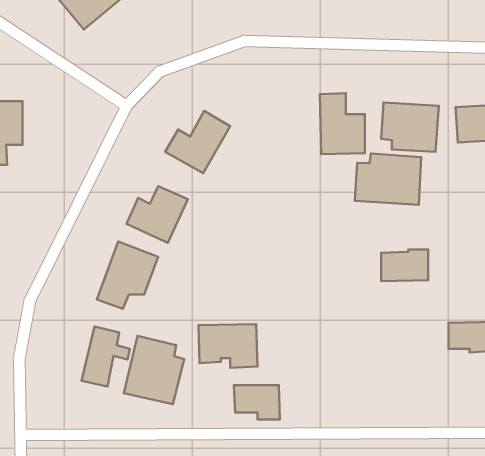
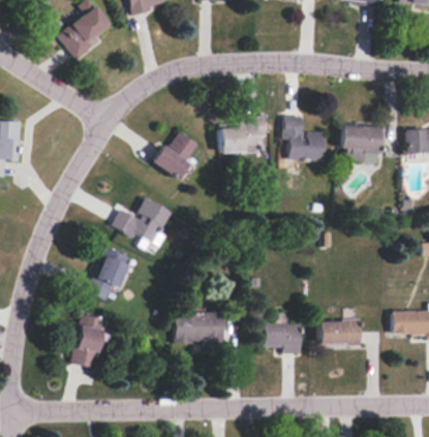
building: none -> [212,112,268,155]
building: [355,154,421,205] -> none
building: [381,249,428,281] -> [320,320,362,348]
building: [124,336,184,404] -> none
building: [234,385,280,420] -> [263,325,303,355]

